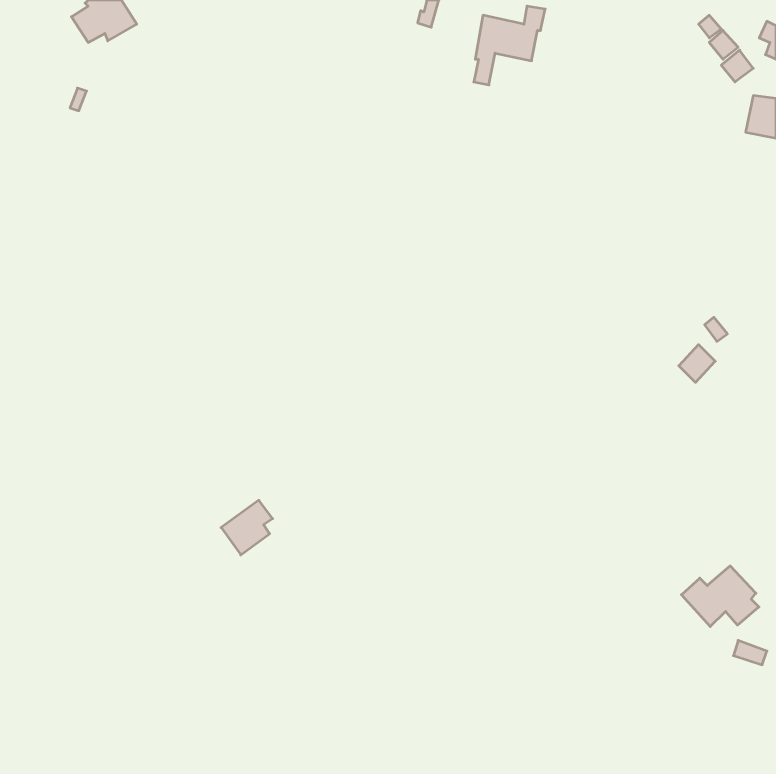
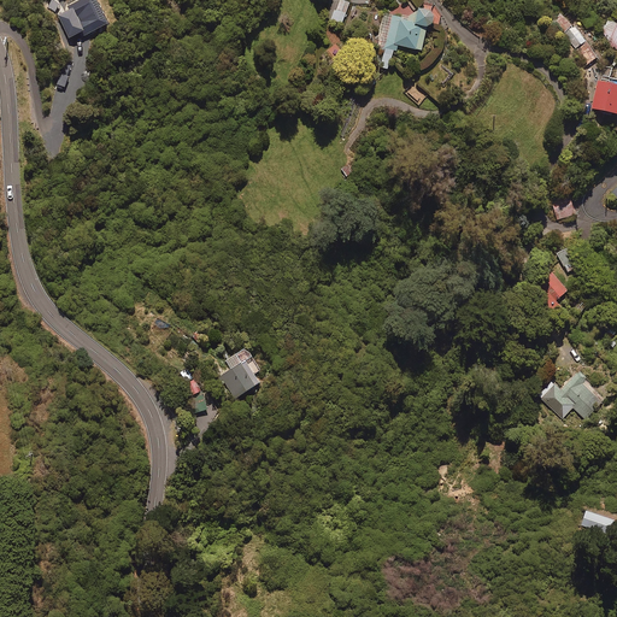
building: [221,500,273,555] -> [219,354,260,398]
building: [681,566,759,627] -> [539,372,600,421]

